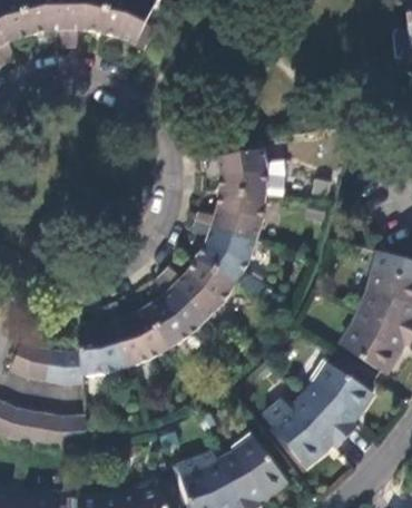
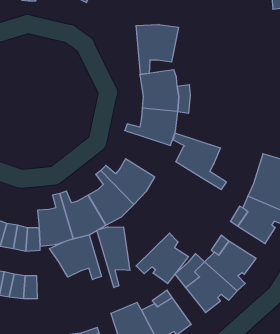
building: none -> [136,24,178,74]
building: [193,221,264,296] -> [173,133,226,190]
building: none -> [97,227,130,288]
building: none -> [136,233,188,284]
building: none -> [49,235,101,280]

